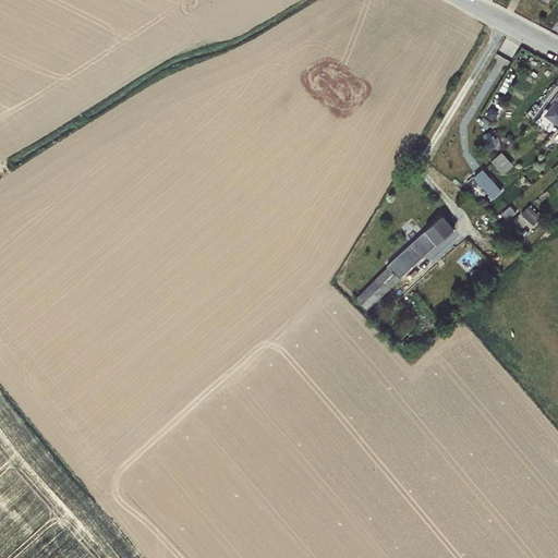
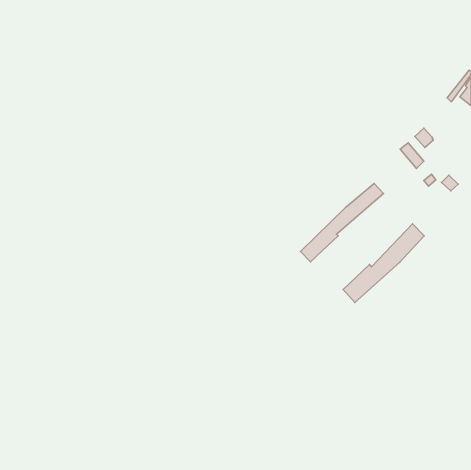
building: none -> [343,224,424,302]

